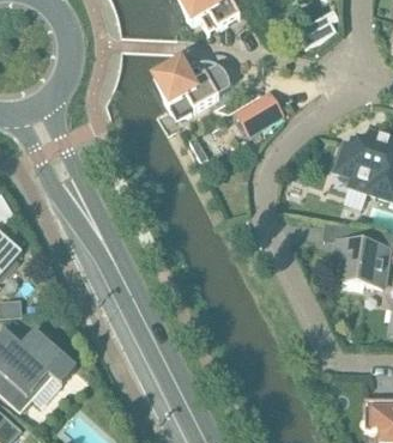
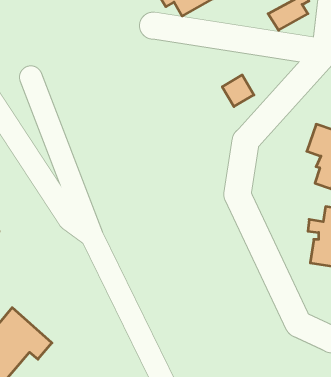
building: [153,63,229,119] -> none

